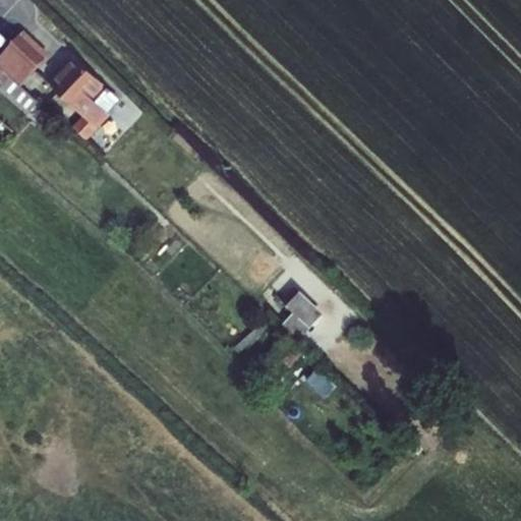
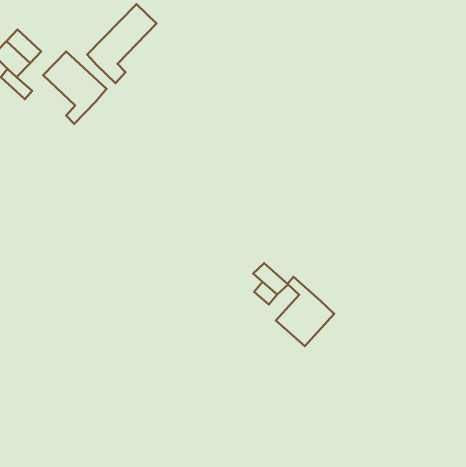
building: none -> [87,4,157,83]
building: none -> [276,277,334,346]

